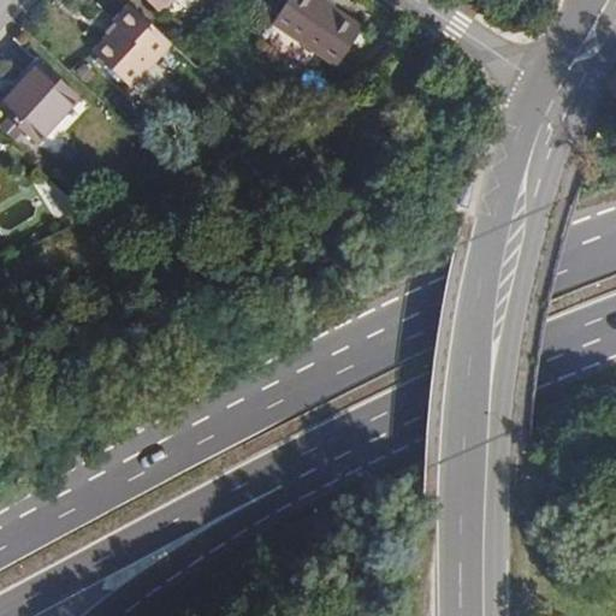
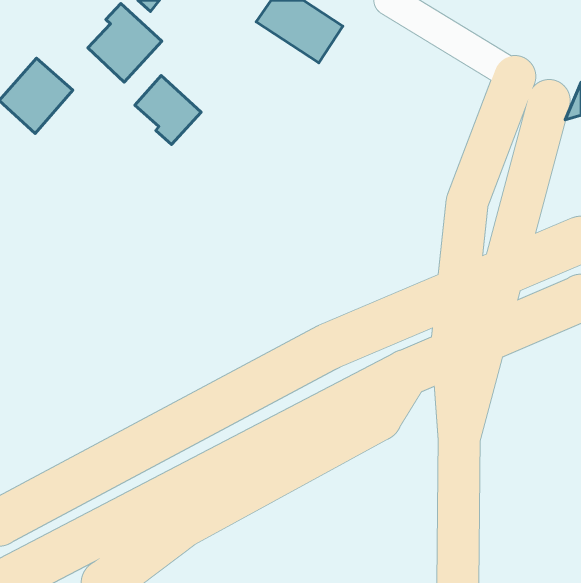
building: none -> [135,76,201,145]

